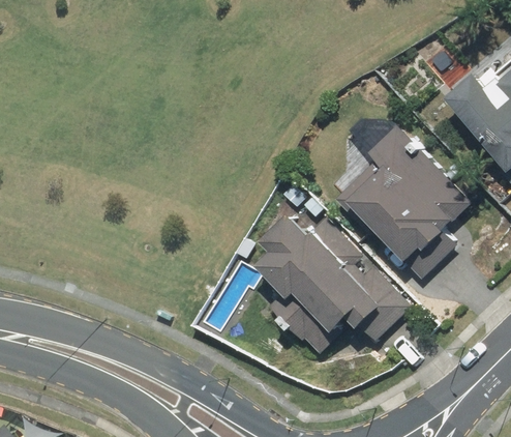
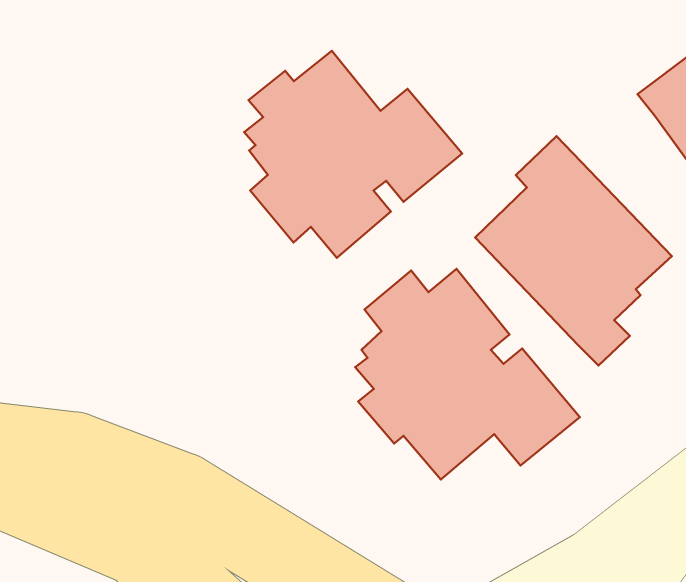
building: none -> [244,51,462,258]

